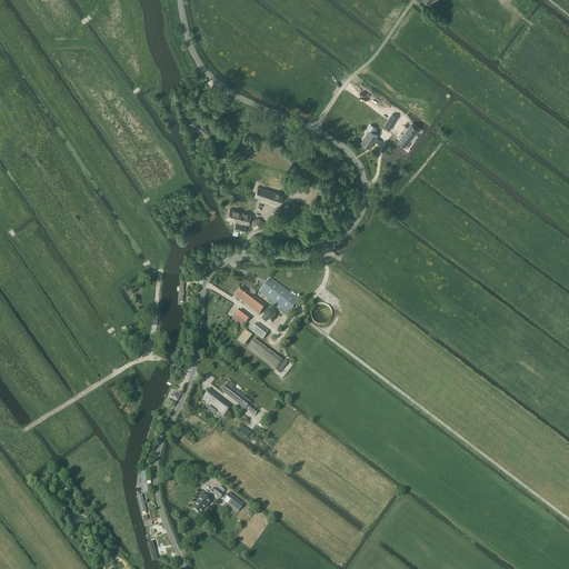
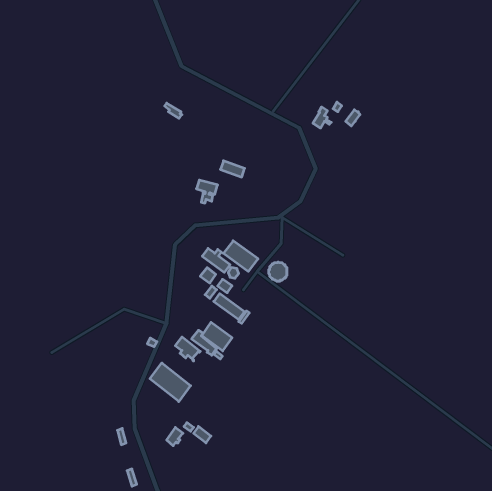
building: none -> [202,322,232,351]
building: none -> [150,363,191,402]

